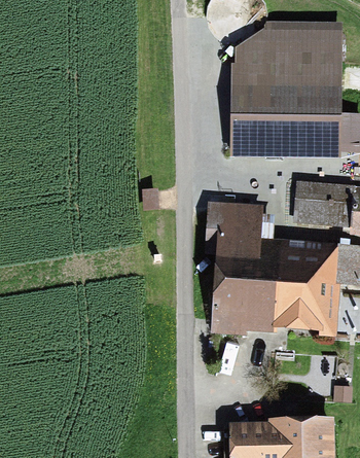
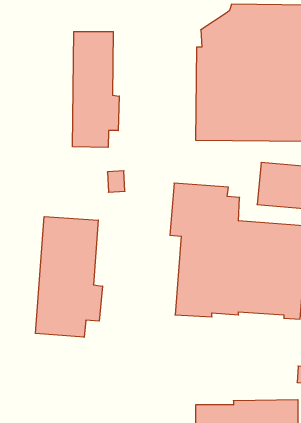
building: none -> [73,32,119,147]
building: none -> [35,217,103,337]

